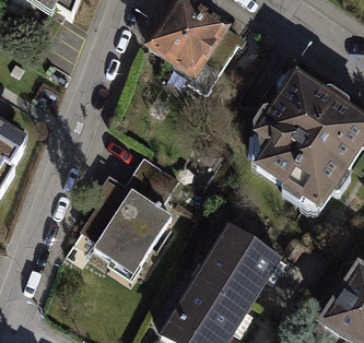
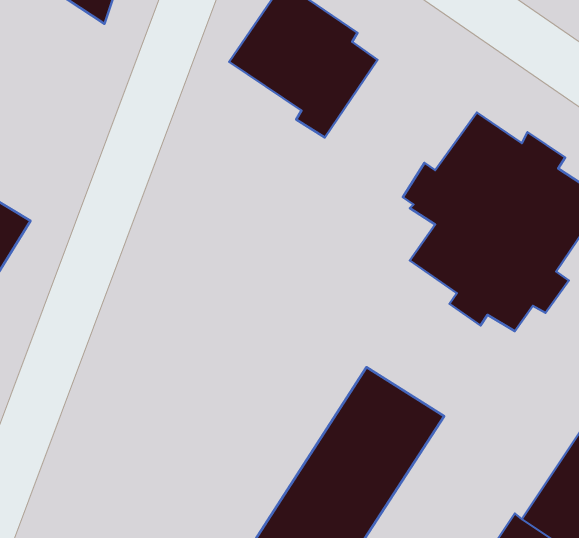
building: [81,157,178,265] -> none

